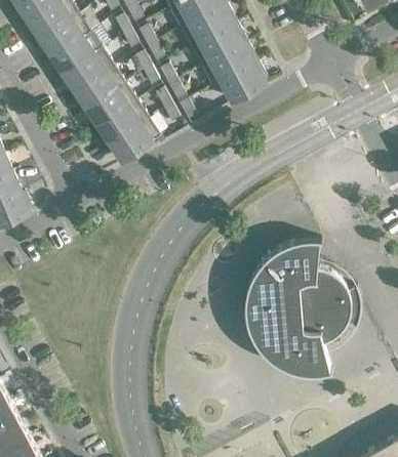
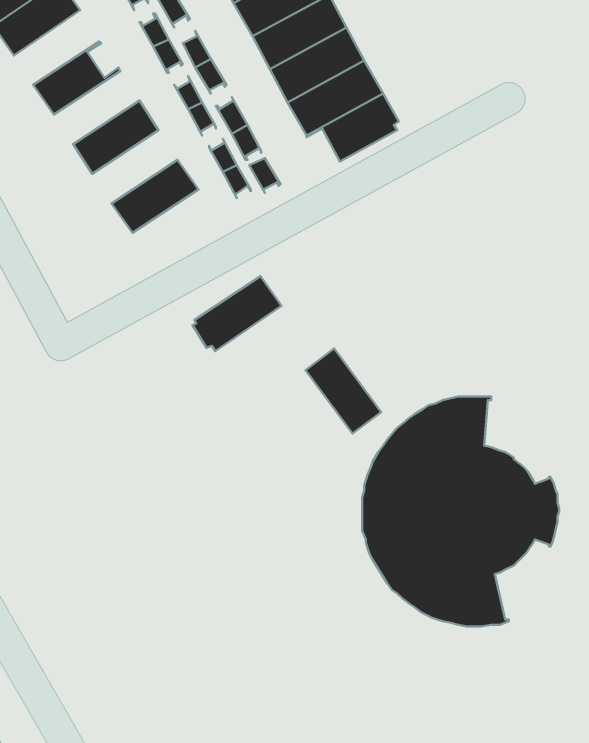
building: [40,11,90,55] -> none
building: [64,47,114,90] -> none
building: [86,82,136,125] -> none
building: [109,117,161,161] -> [193,276,281,351]
building: none -> [305,349,381,434]

